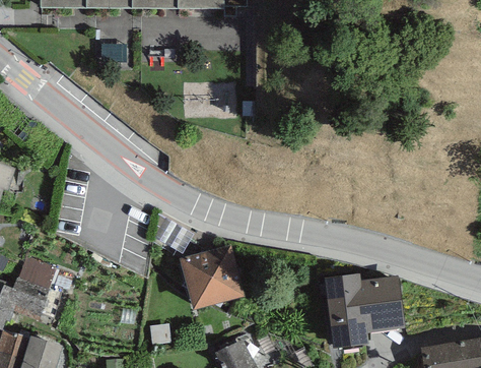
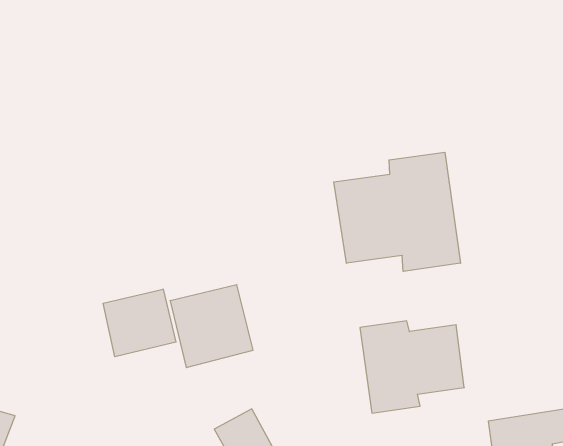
building: none -> [334,152,461,271]
building: none -> [103,289,176,357]

